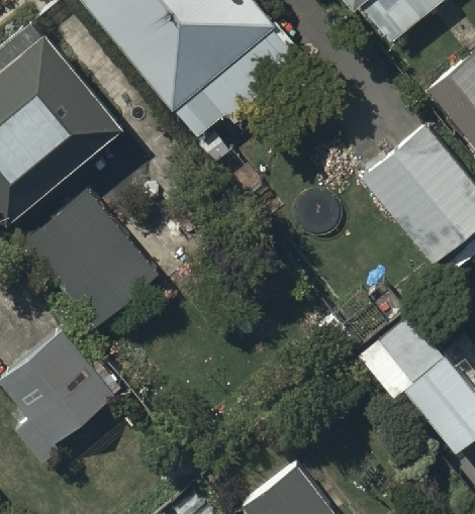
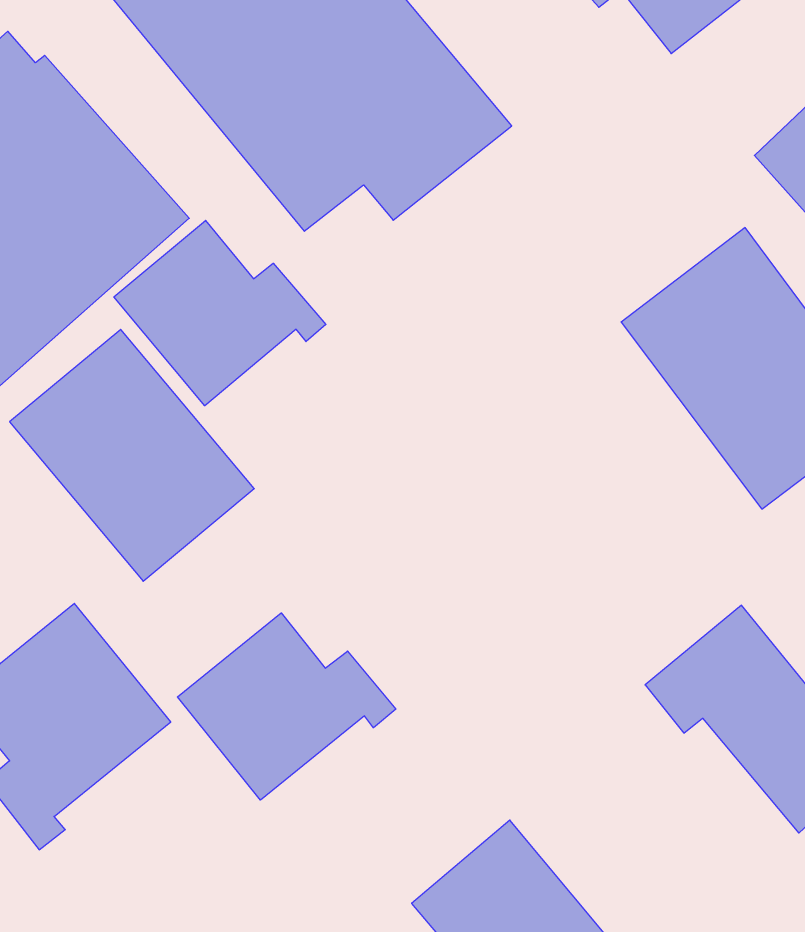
building: none -> [114,220,326,406]
building: none -> [177,613,396,800]

